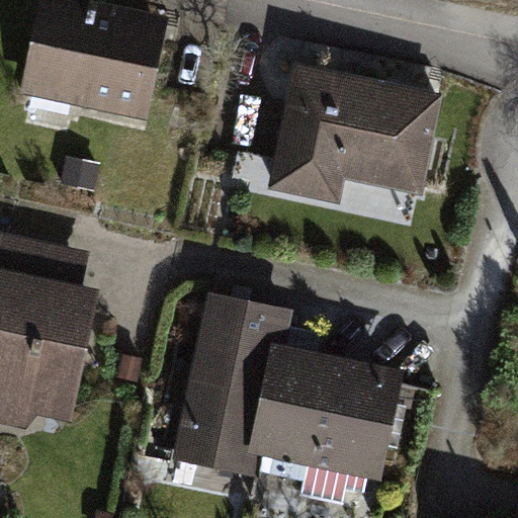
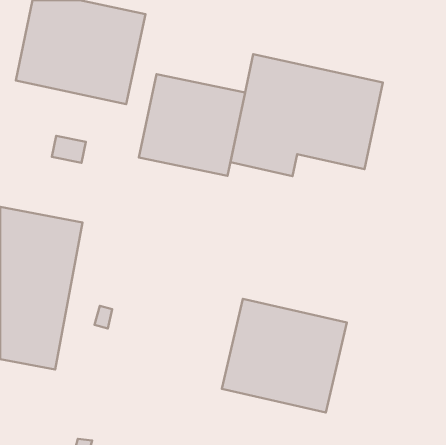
building: none -> [139,74,245,176]
building: [163,288,290,480] -> none

